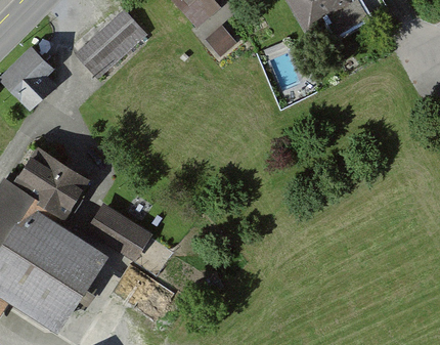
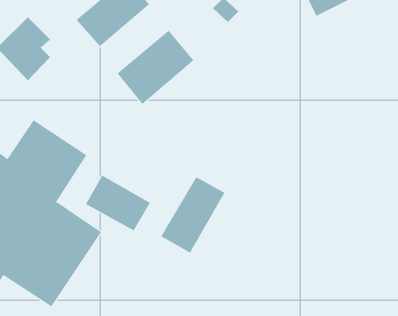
building: none -> [117,30,194,105]
building: none -> [161,176,225,254]

